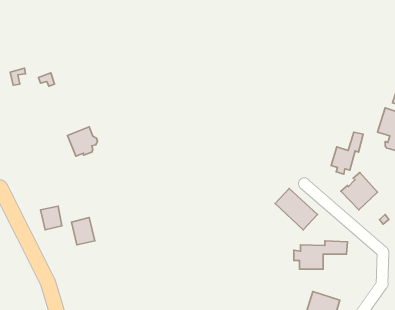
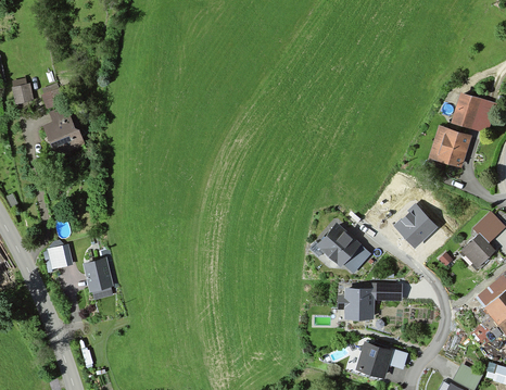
building: [68,127,98,156] -> [45,117,79,151]
building: [331,132,363,174] -> none

